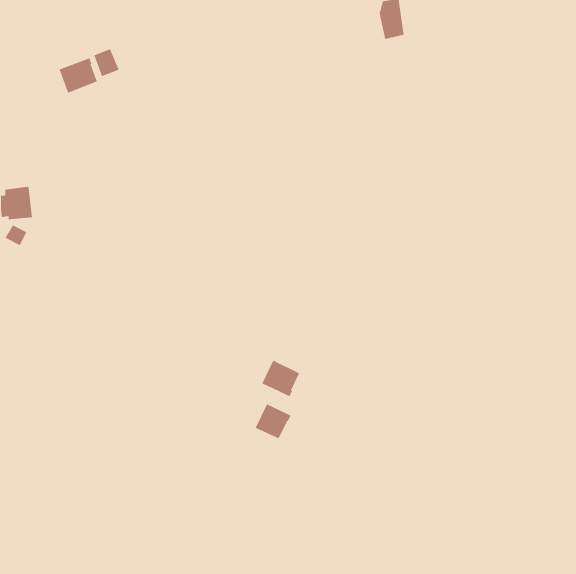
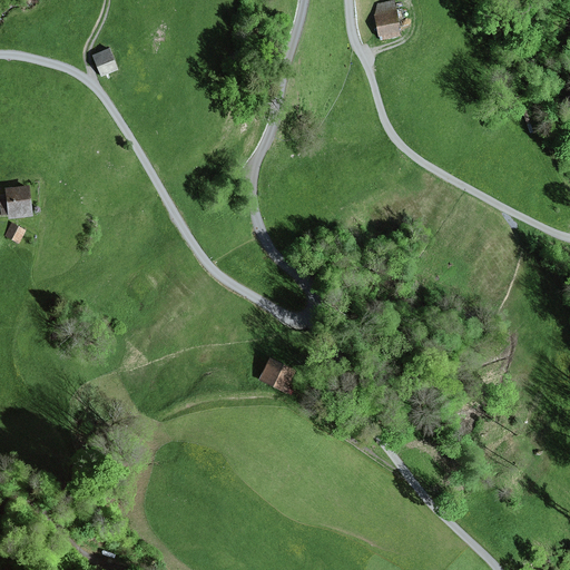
building: [59,58,97,93] -> none
building: [255,403,291,439] -> none

